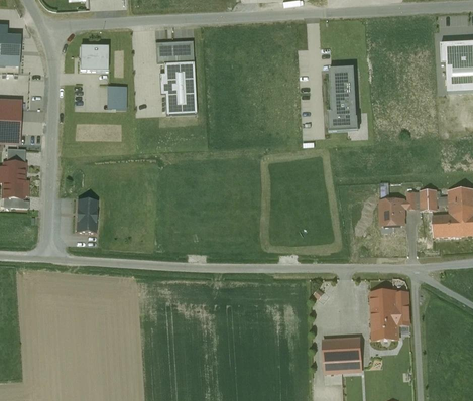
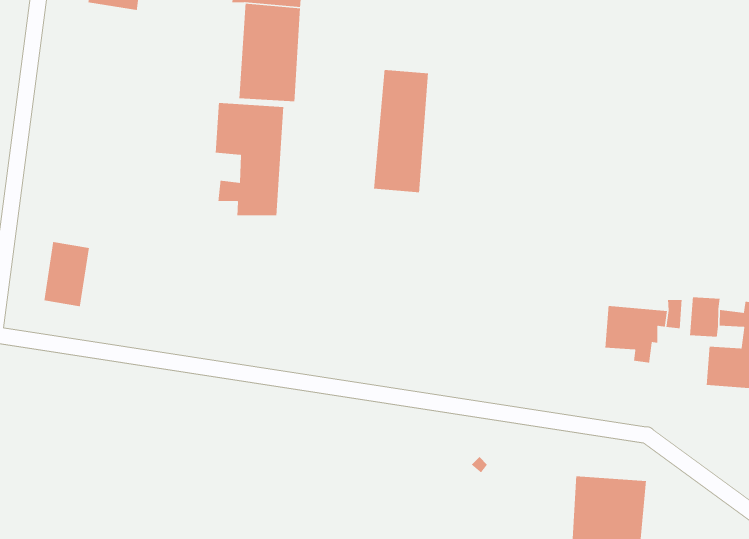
building: [330,61,357,127] -> [373,69,429,193]
building: [106,88,125,110] -> none
building: none -> [215,102,284,216]

